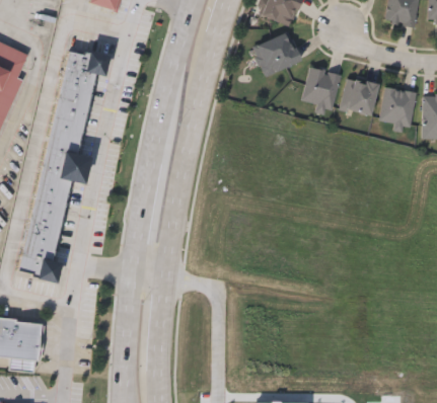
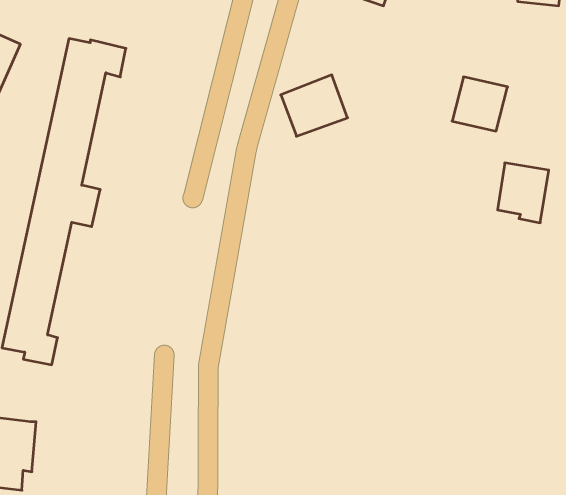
building: [252,32,300,76] -> [281,75,348,136]
building: [302,68,340,112] -> none
building: [379,87,416,130] -> [498,163,549,223]

